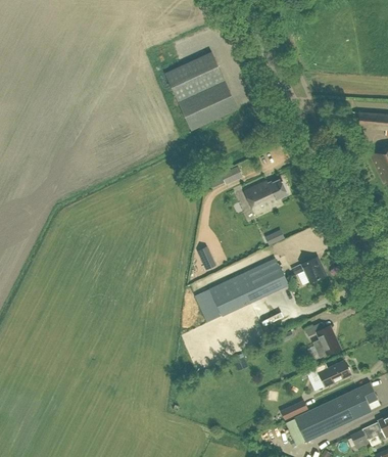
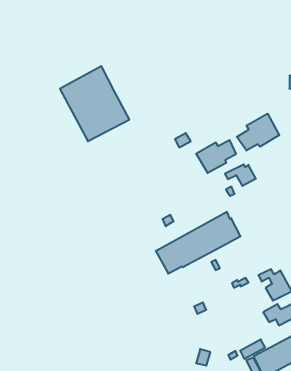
building: [163,50,238,132] -> [60,66,129,141]
building: none -> [237,114,279,151]
building: [292,259,326,282] -> [225,164,256,186]

